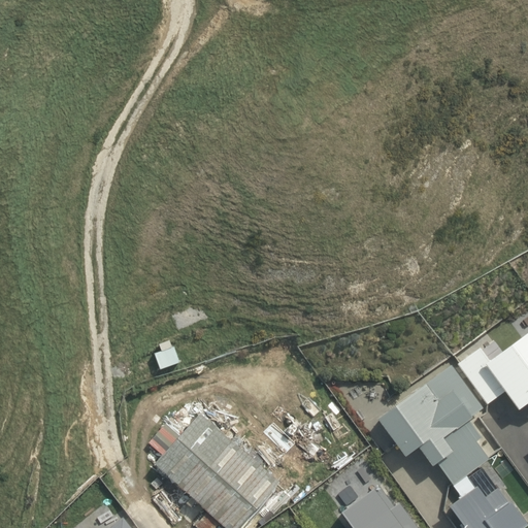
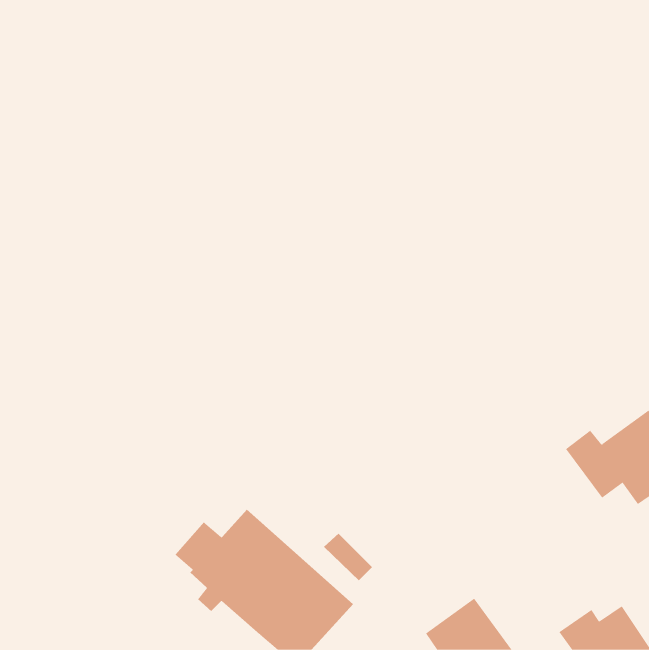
building: [377,366,489,485] -> none

